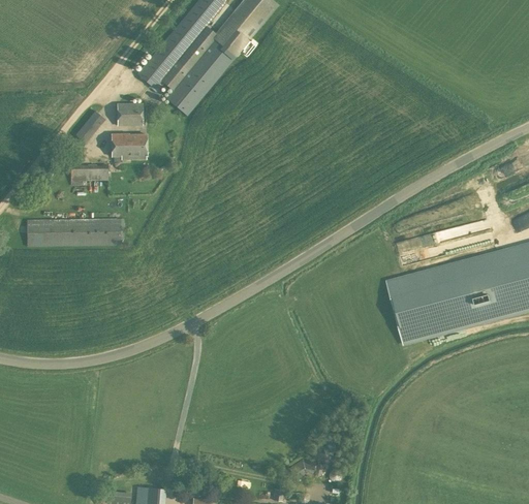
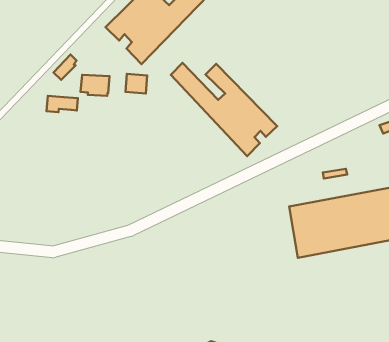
building: [117,103,143,126] -> [125,74,147,93]
building: none -> [171,63,277,156]
building: [26,218,120,246] -> none

